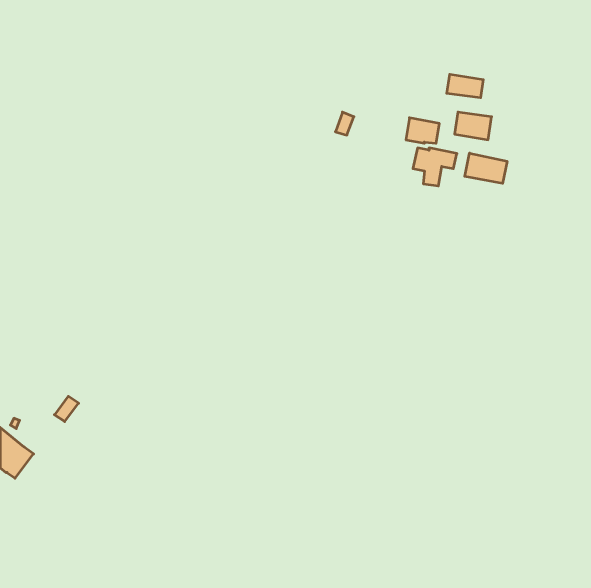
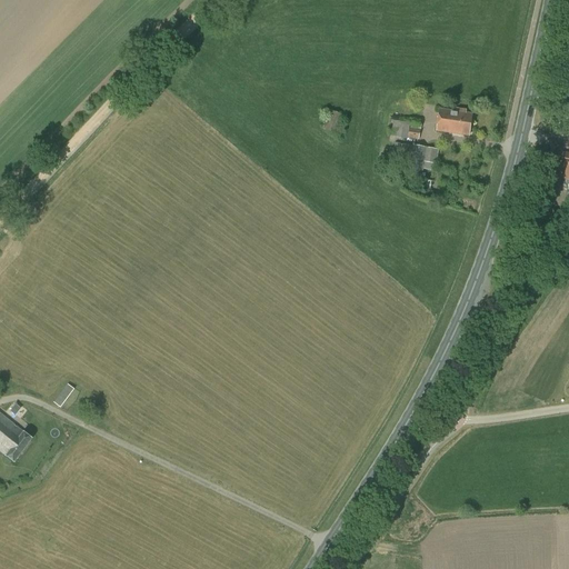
building: [447,74,483,98] -> none
building: [465,153,507,183] -> none

